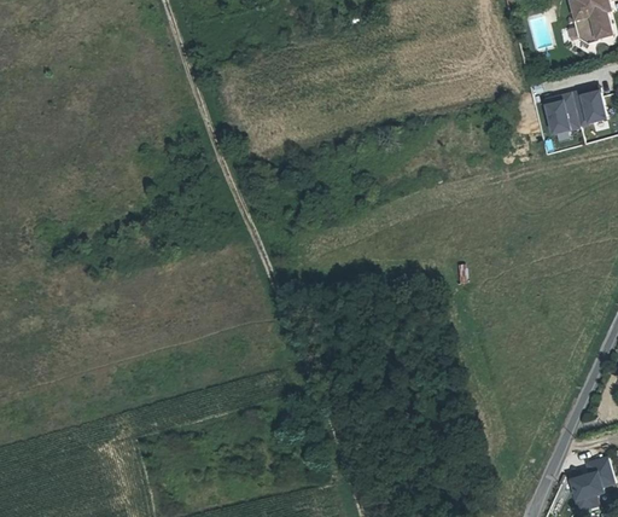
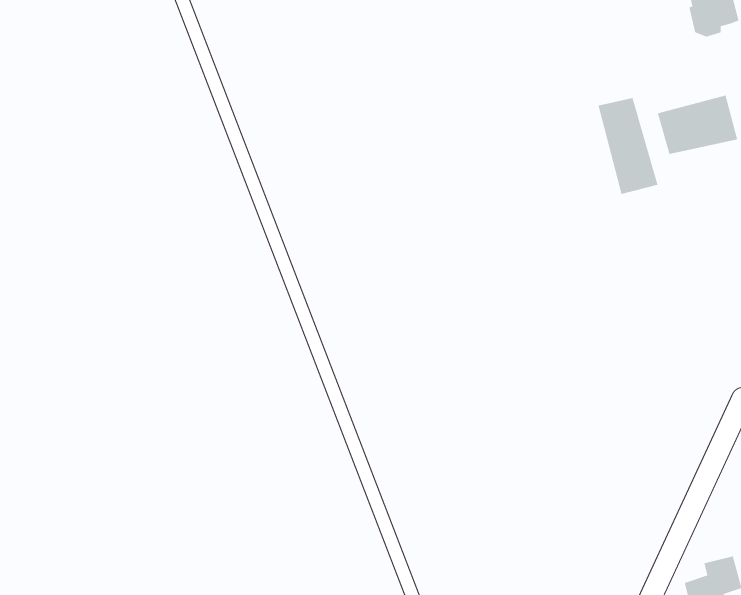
building: none -> [598,97,659,195]

